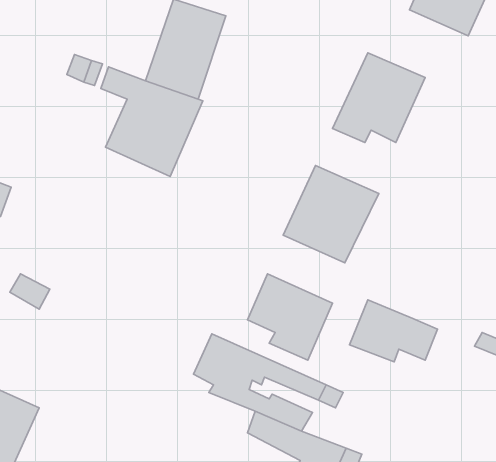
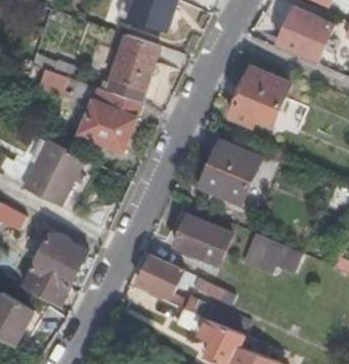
building: none -> [20,136,85,202]
building: none -> [19,232,87,304]

